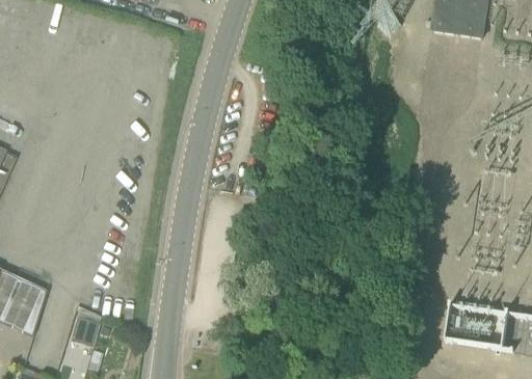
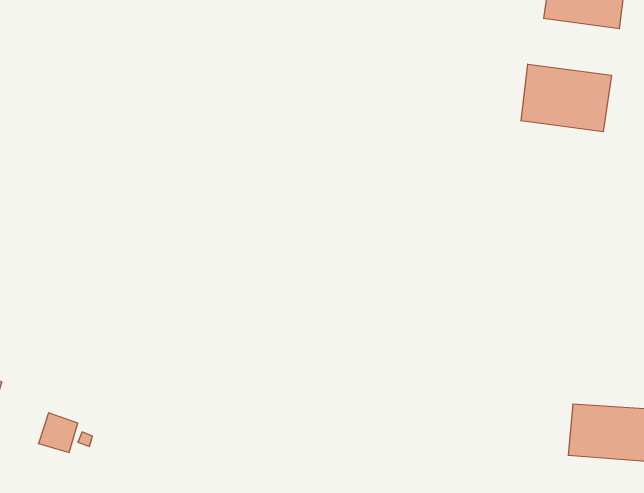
building: none -> [521,64,611,132]

